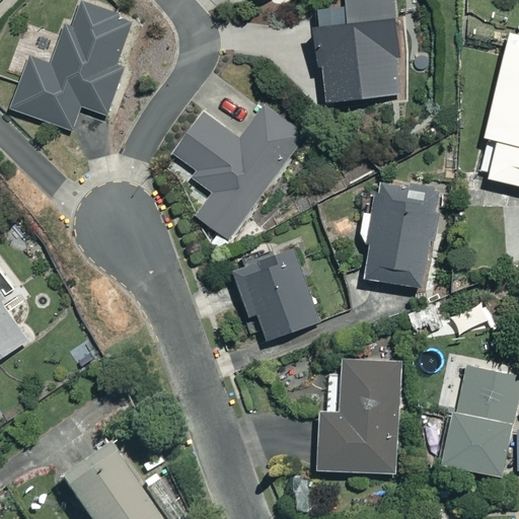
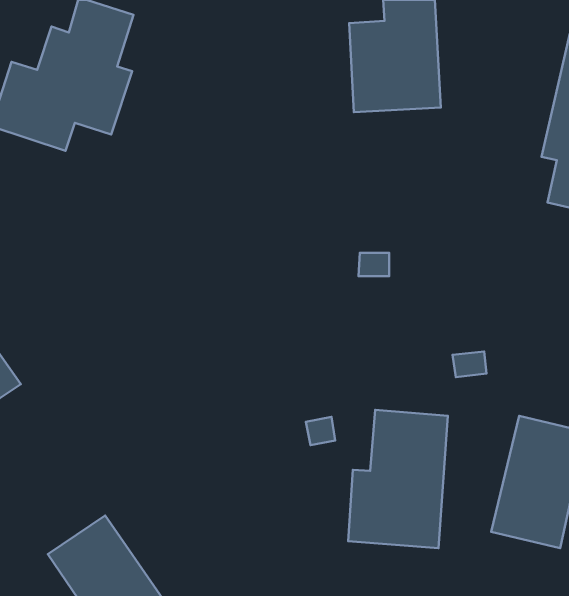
building: [169,106,303,241] -> none
building: [363,181,441,288] -> none
building: [229,243,328,342] -> none

